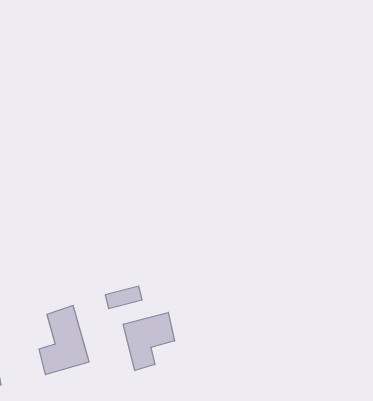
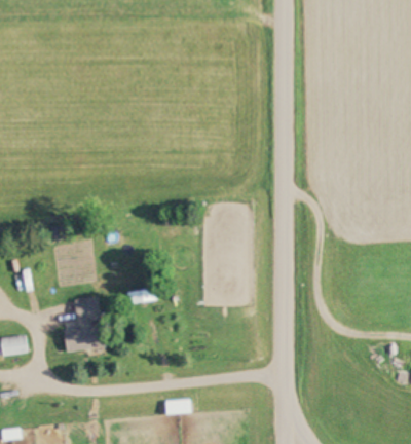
building: [123,312,175,371] -> none

